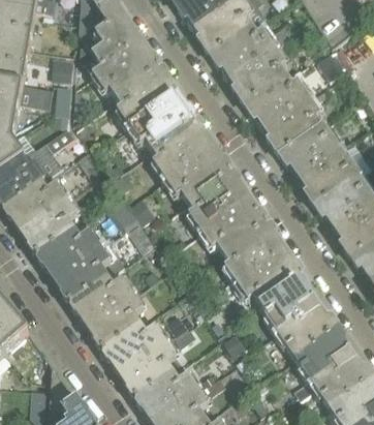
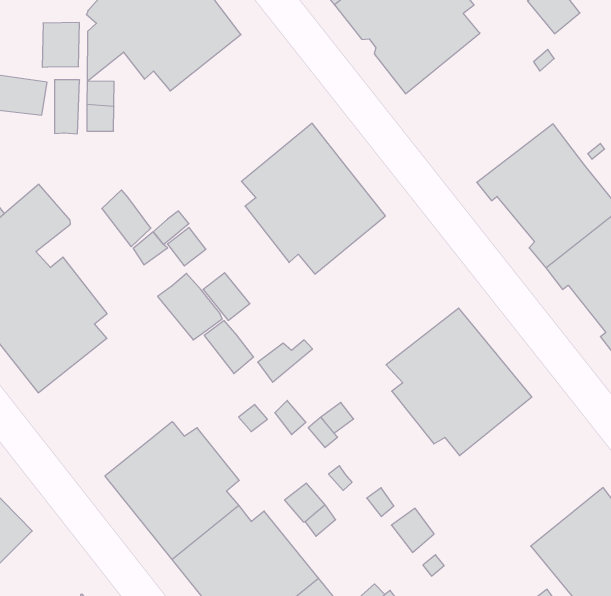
building: [120,67,195,147] -> none
building: [247,75,325,156] -> none
building: [191,171,268,251] -> none
building: [37,226,124,301] -> none
building: [262,274,339,355] -> none

